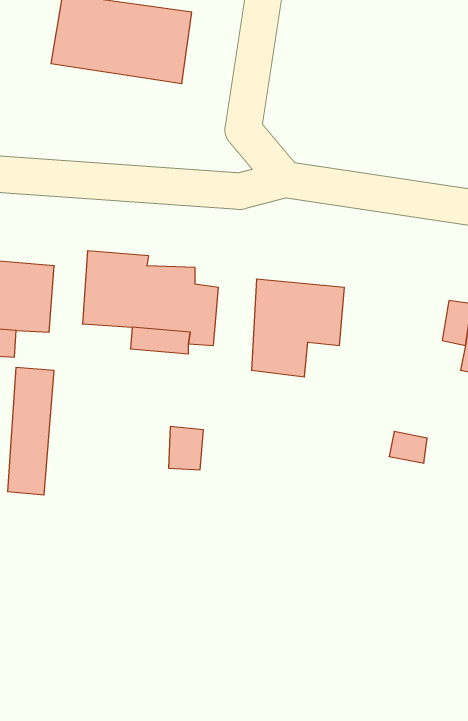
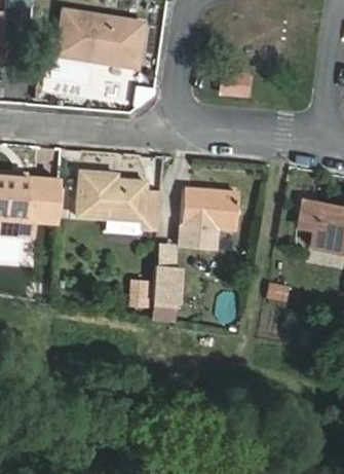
building: [8,367,54,495] -> [153,243,182,322]

